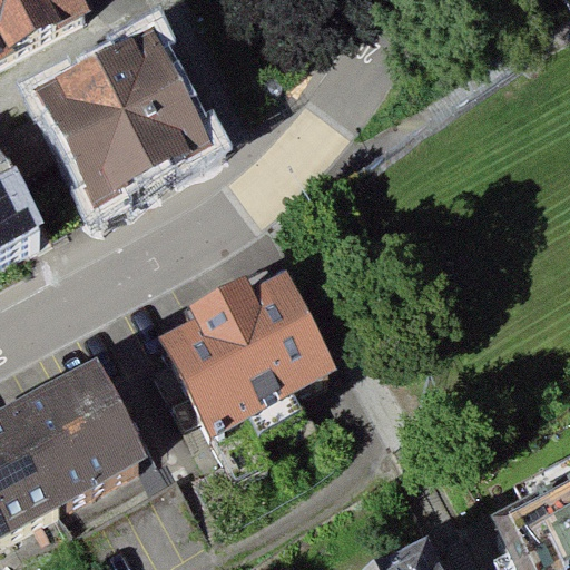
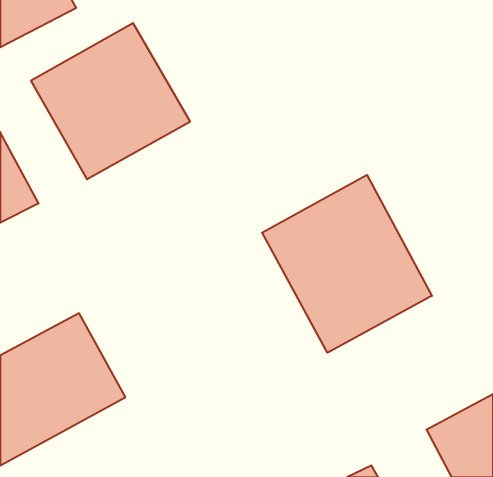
building: none -> [262,175,432,353]
building: [154,262,331,428] -> none

